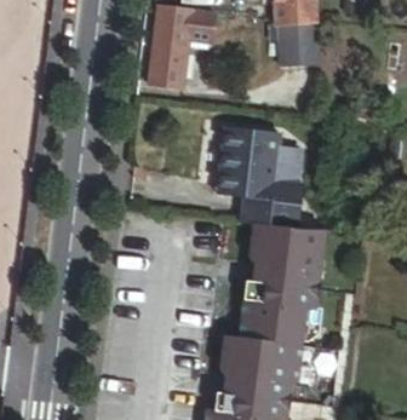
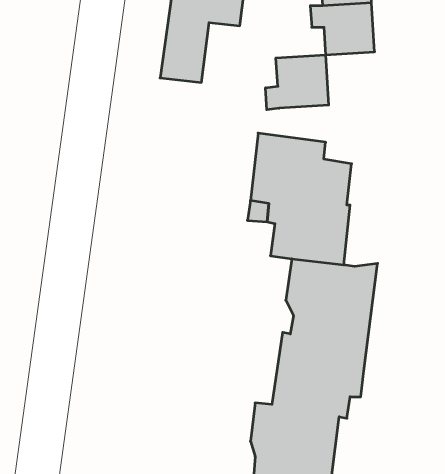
building: none -> [266,55,329,110]

